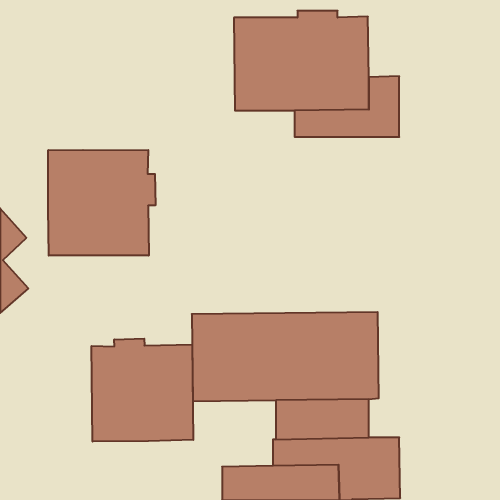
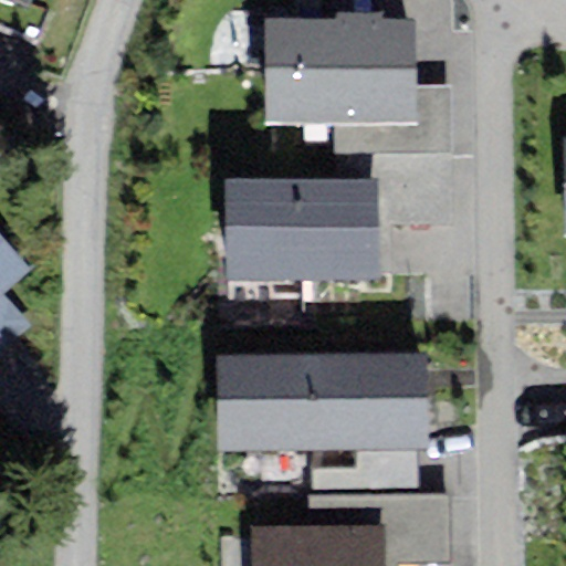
building: [48,150,155,256] -> none
building: none -> [224,178,377,279]
building: [92,339,193,442] -> none

